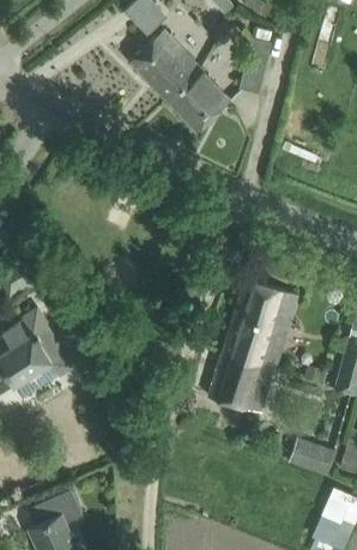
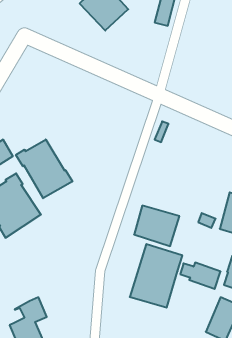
building: [167,69,230,133] -> none
building: none -> [16,139,72,198]
building: [220,278,297,370] -> [130,244,182,308]

